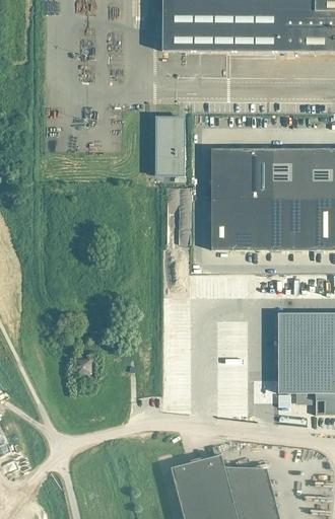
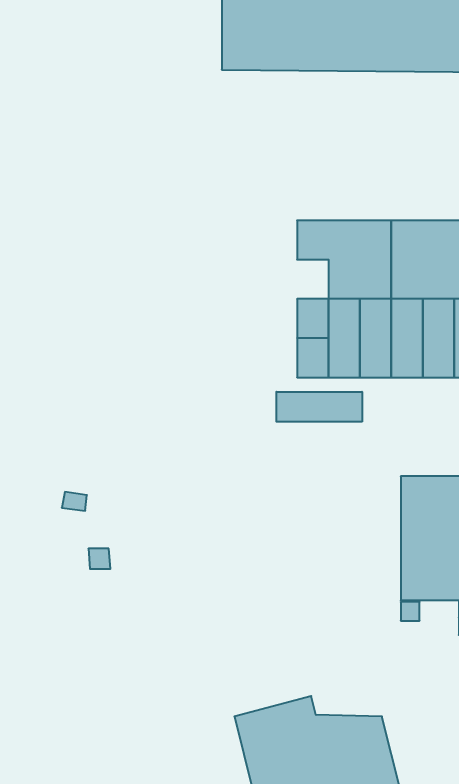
building: [155,115,185,174] -> none
building: [211,172,231,198] -> none
building: none -> [276,392,362,422]

